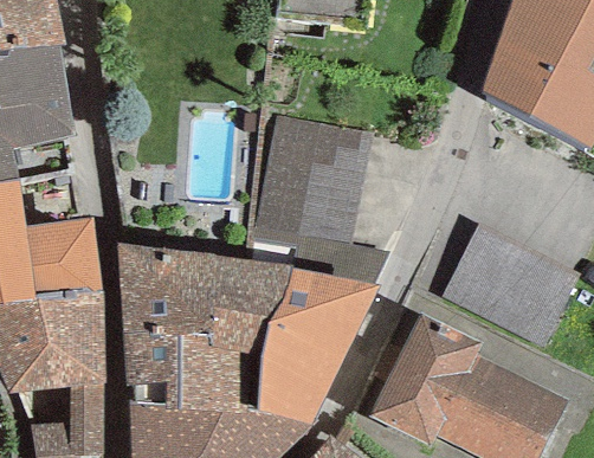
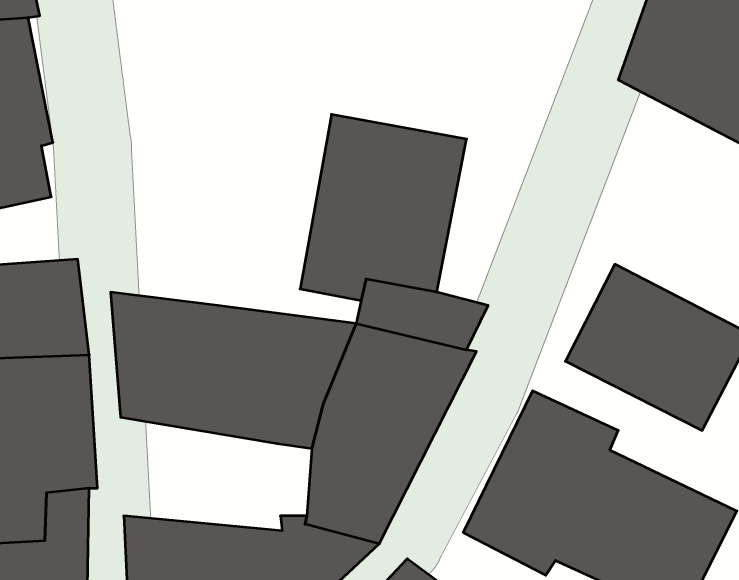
building: [123,334,239,415] -> none

